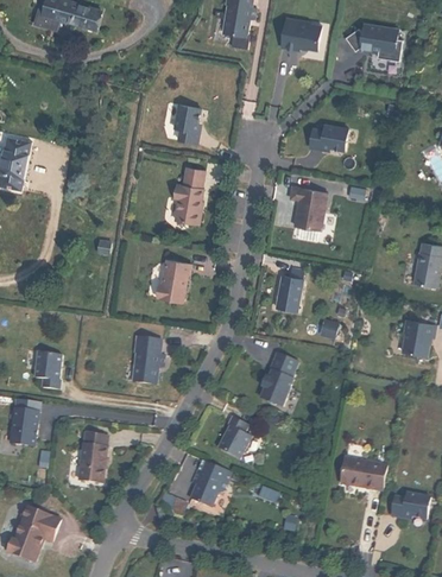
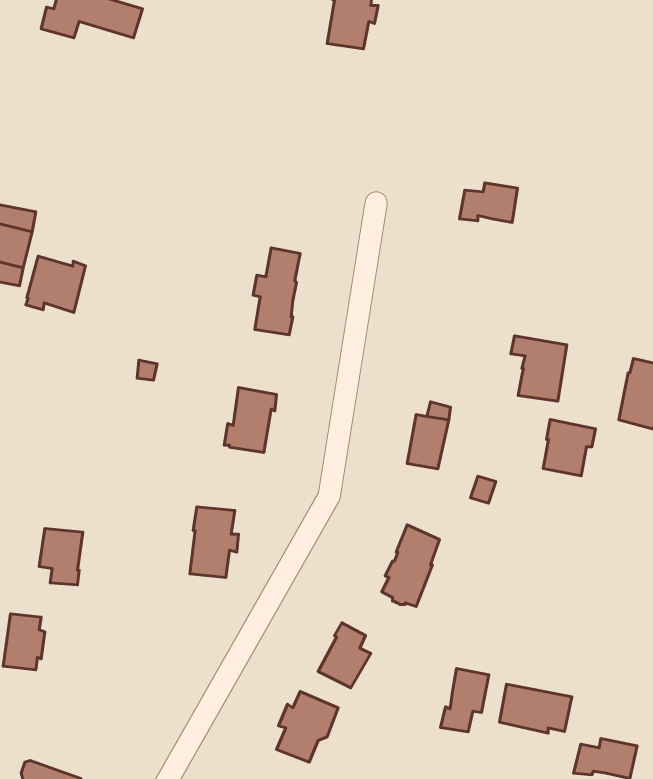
building: [283,19,322,51] -> none
building: [343,25,402,62] -> none
building: [176,108,202,146] -> none
building: none -> [26,256,86,313]
building: [291,188,328,230] -> [511,336,567,401]
building: [397,317,431,354] -> [543,420,596,476]
building: [80,432,108,482] -> none
building: none -> [441,669,489,732]

